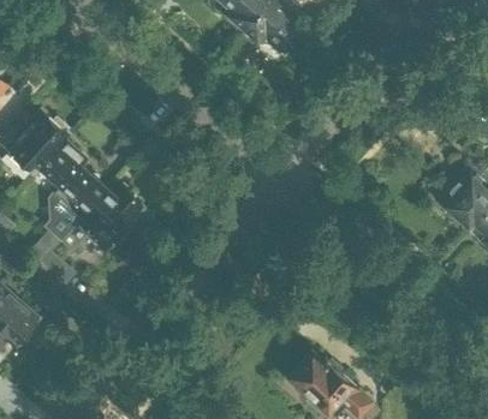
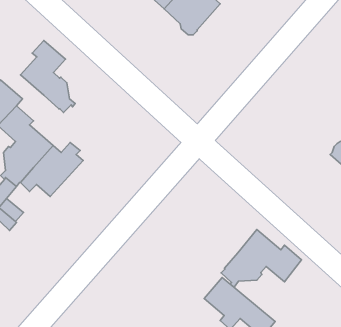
building: none -> [21,41,75,113]
building: none -> [221,229,302,287]

